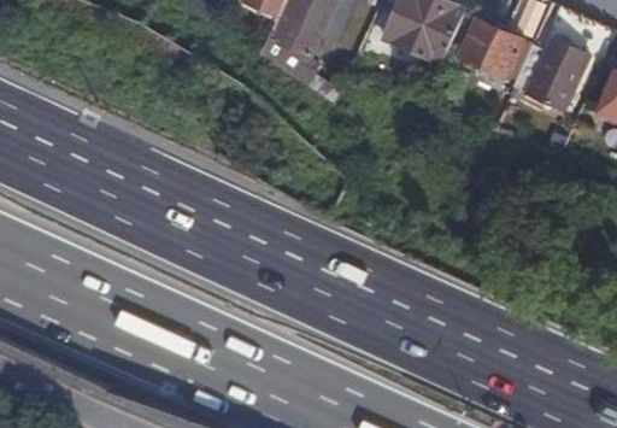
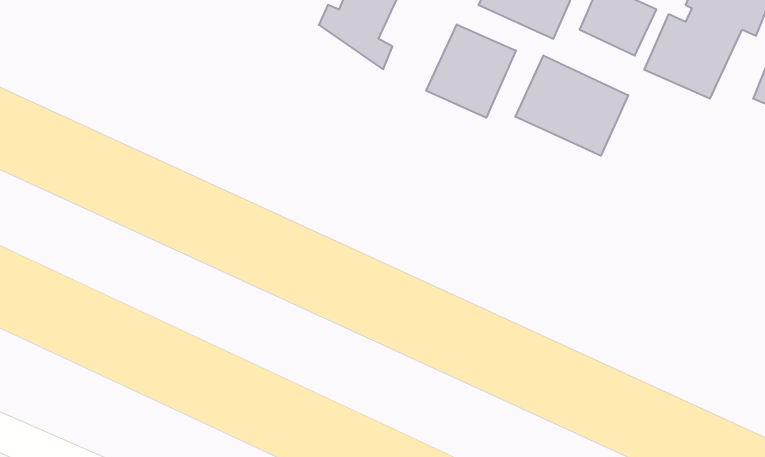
building: none -> [426,24,516,118]
building: none -> [515,55,628,156]

